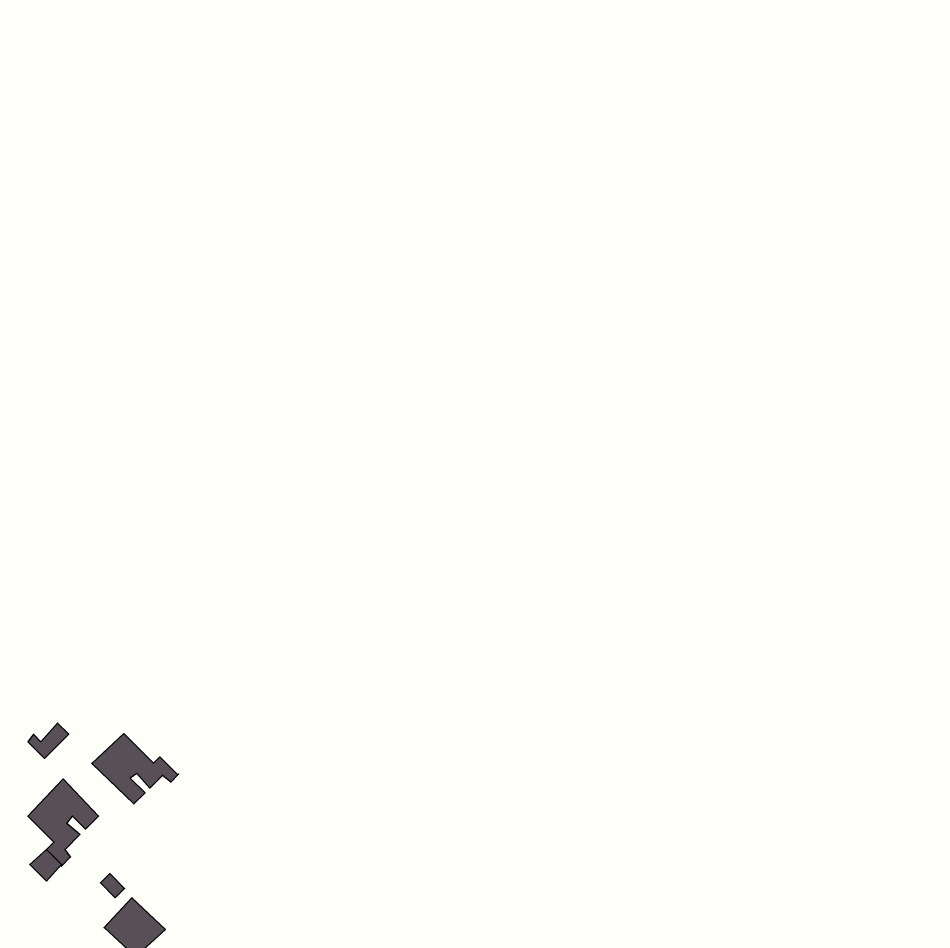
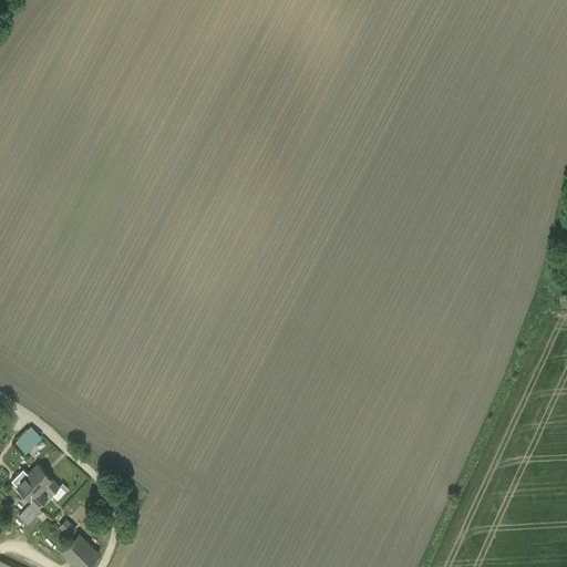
building: [92,734,179,804] -> none

